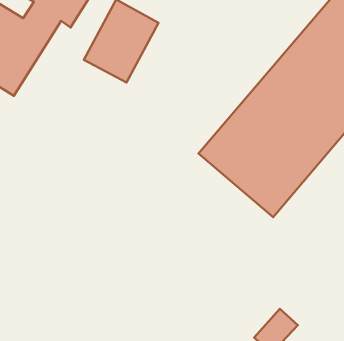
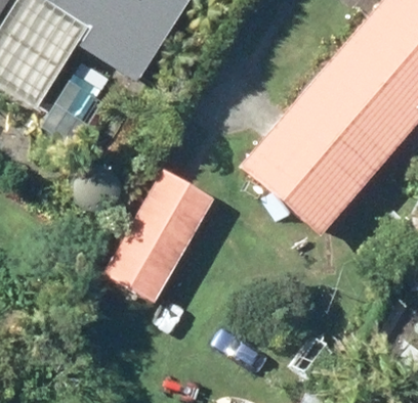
building: none -> [94,169,214,322]

